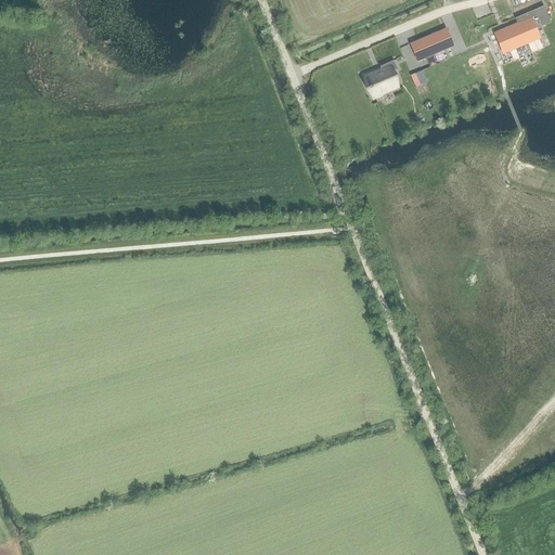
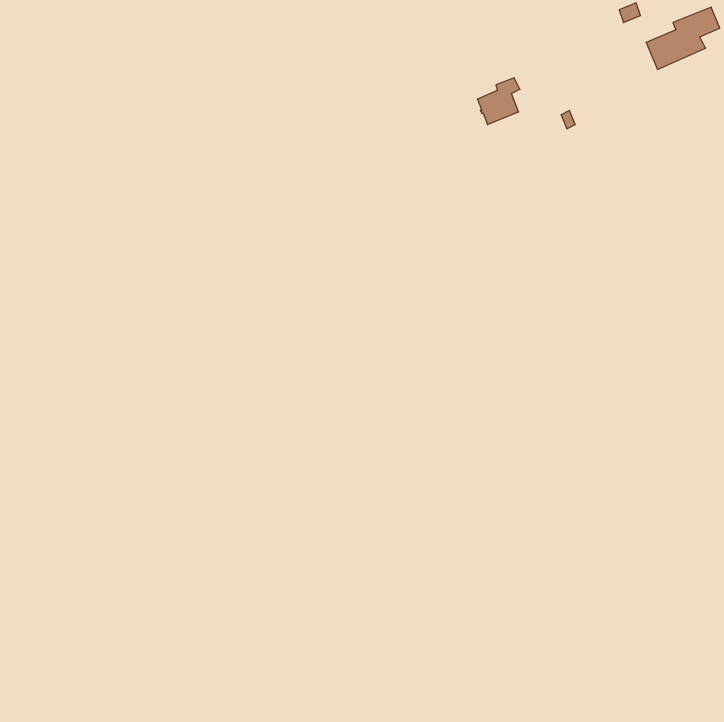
building: [410,27,453,60] -> none

